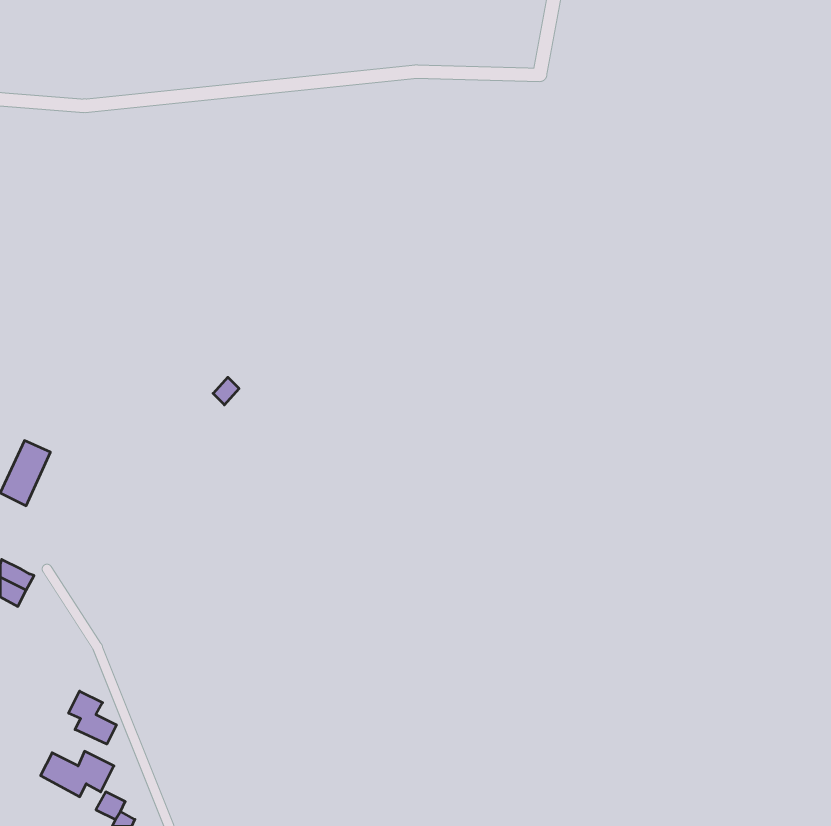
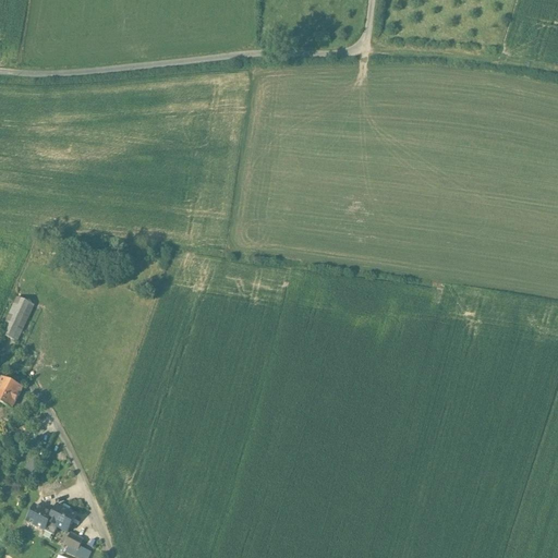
building: [69,691,116,744] -> none

